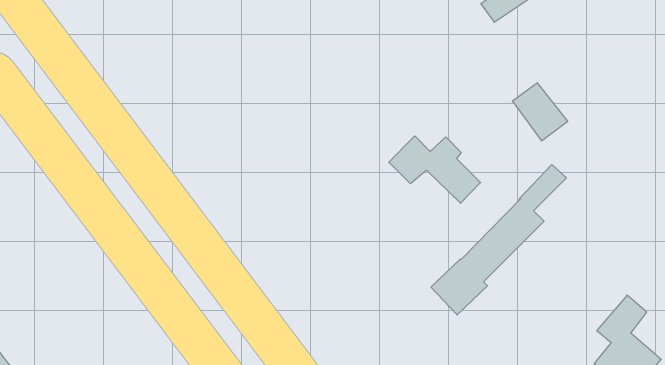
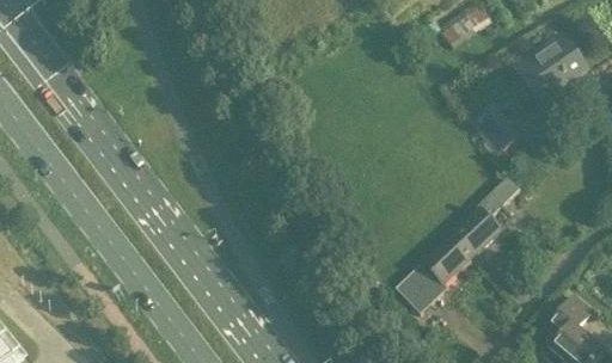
building: none -> [516,31,589,105]
building: [389,136,481,203] -> none

